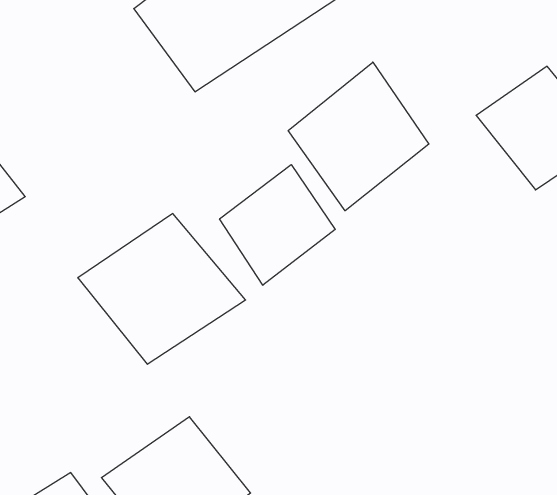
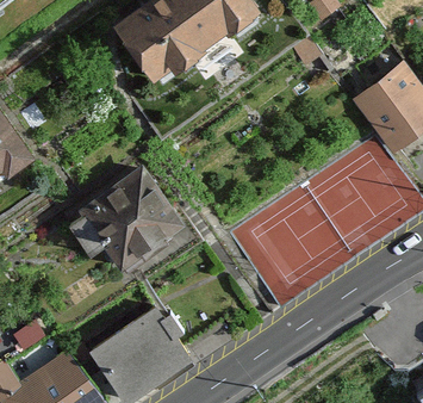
building: [288,62,429,211] -> none
building: [220,165,335,285] -> none

